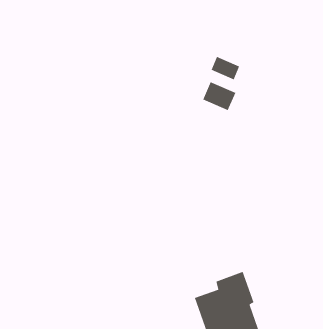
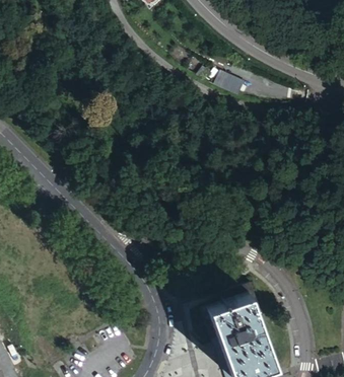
building: [202,81,236,111] -> none

